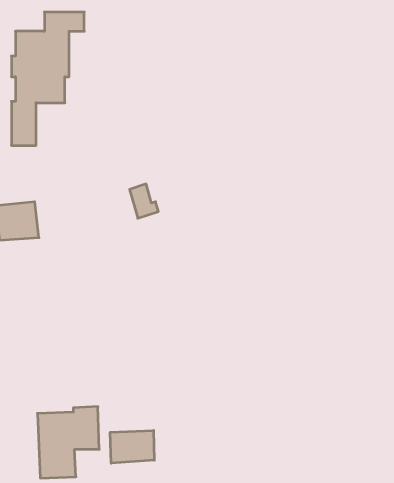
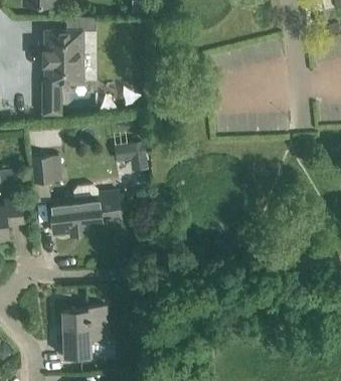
building: none -> [49,186,121,235]
building: [110,430,154,463] -> none

